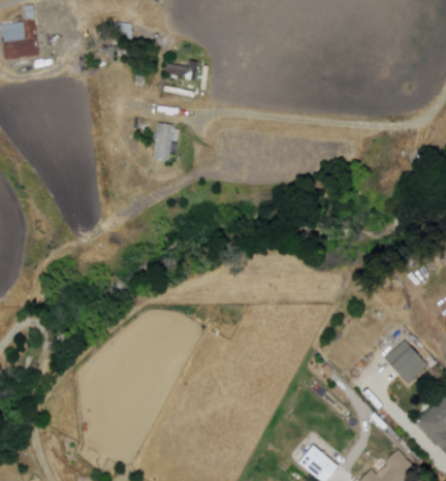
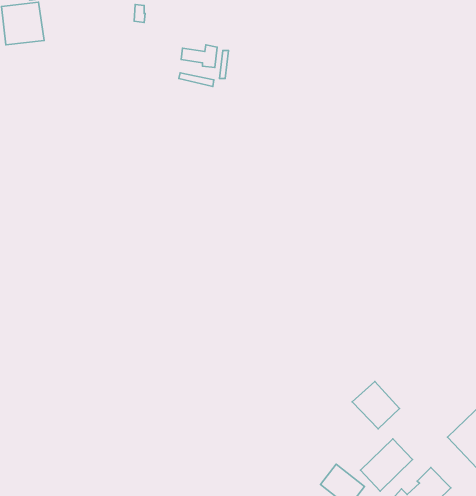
building: [156,123,181,162] -> none
building: [383,341,426,384] -> [352,382,399,429]
building: none -> [360,439,413,491]

